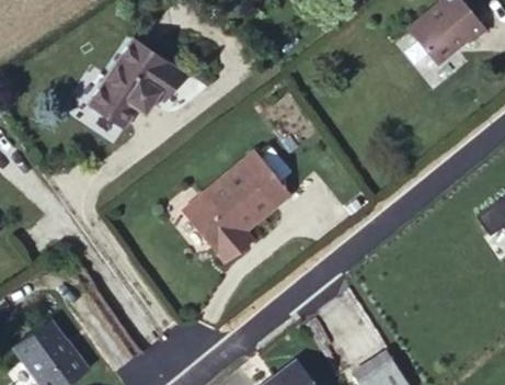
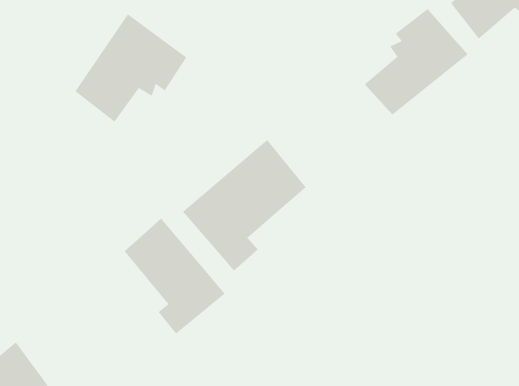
building: none -> [364,8,468,115]
building: none -> [124,218,225,334]

